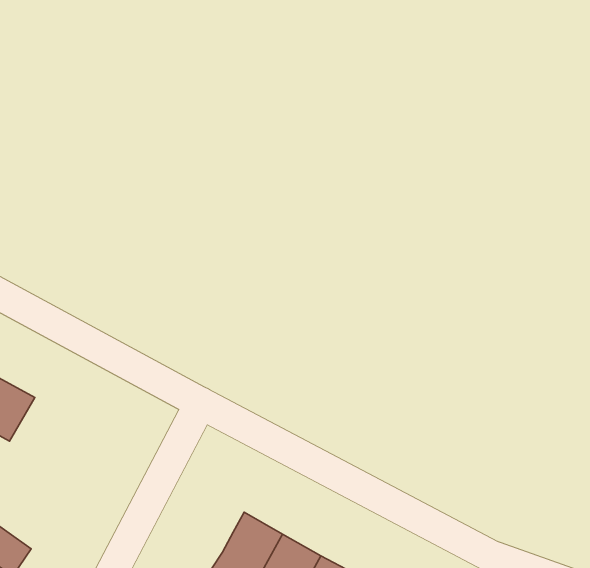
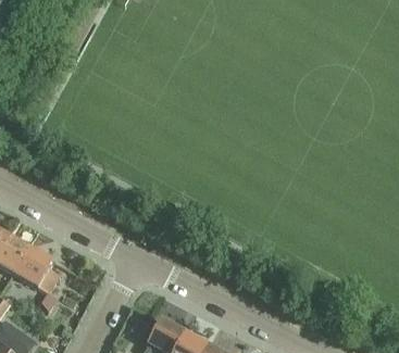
building: none -> [22,250,59,292]

